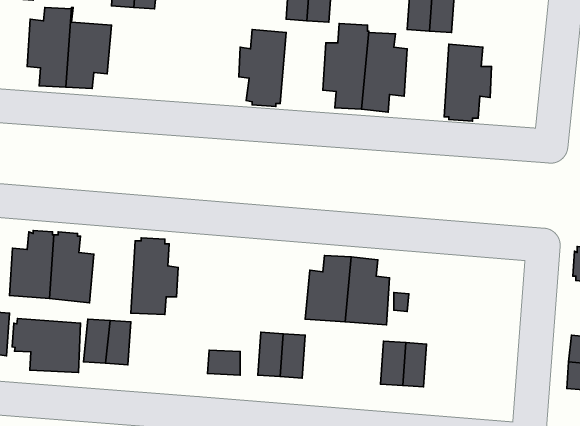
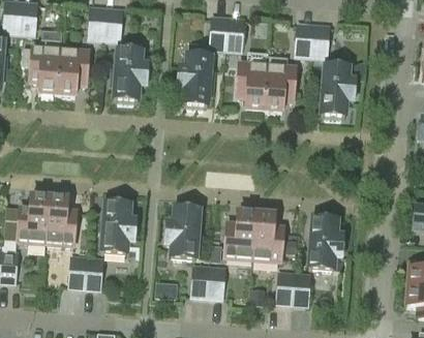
building: none -> [114,49,148,102]
building: none -> [165,205,199,258]
building: none -> [309,216,343,270]
building: [12,318,81,373] -> none

